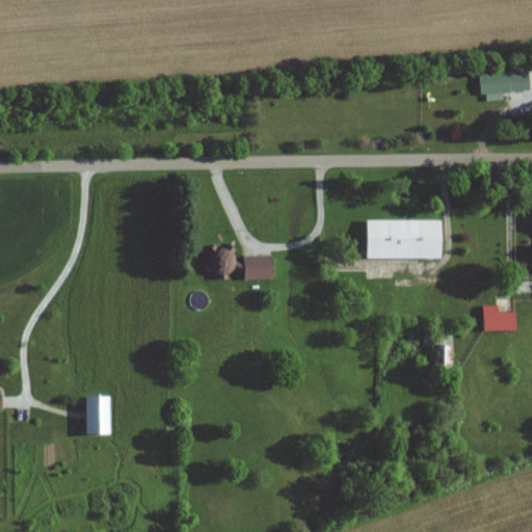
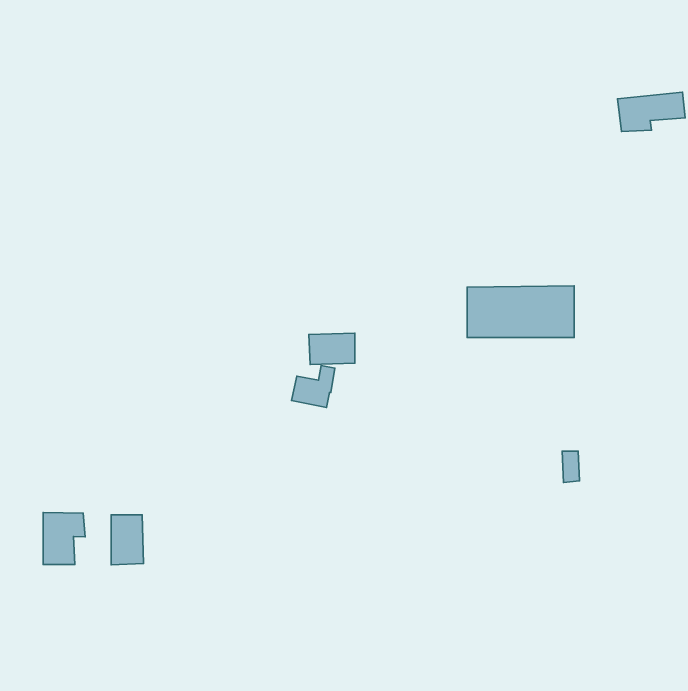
building: [204,246,237,278] -> [291,365,335,407]
building: [481,305,513,330] -> none
building: none -> [43,513,85,565]

